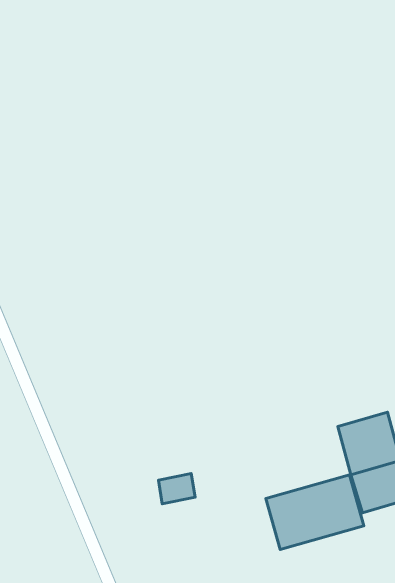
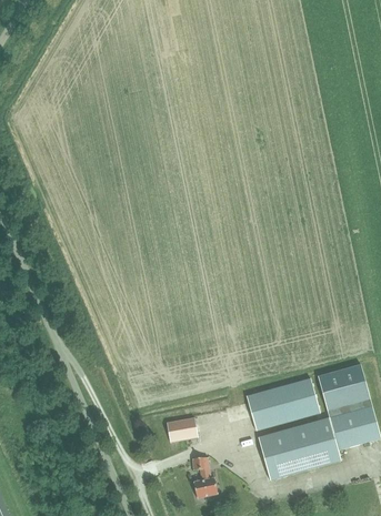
building: none -> [245,376,320,431]
building: none -> [192,457,217,497]

